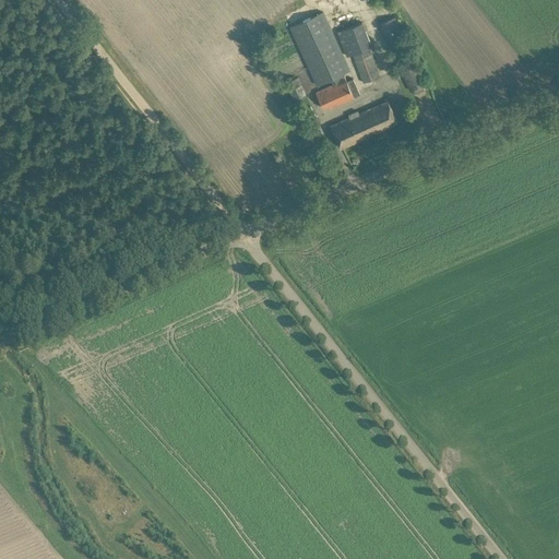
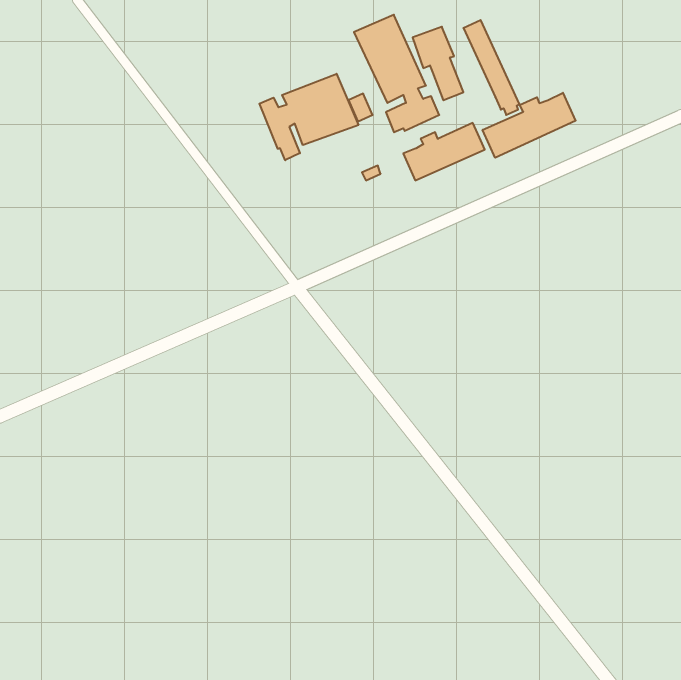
building: none -> [259,74,358,160]
building: none -> [483,93,576,158]

